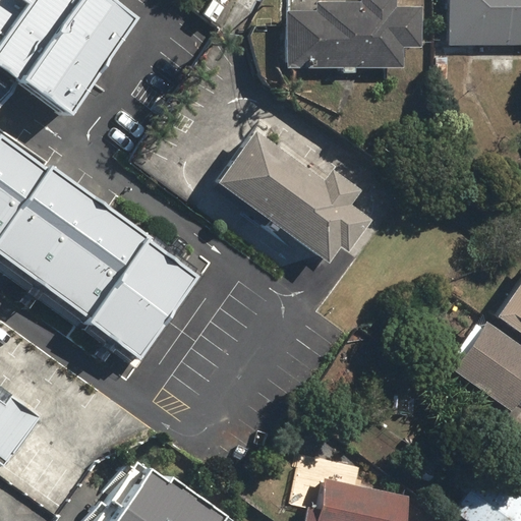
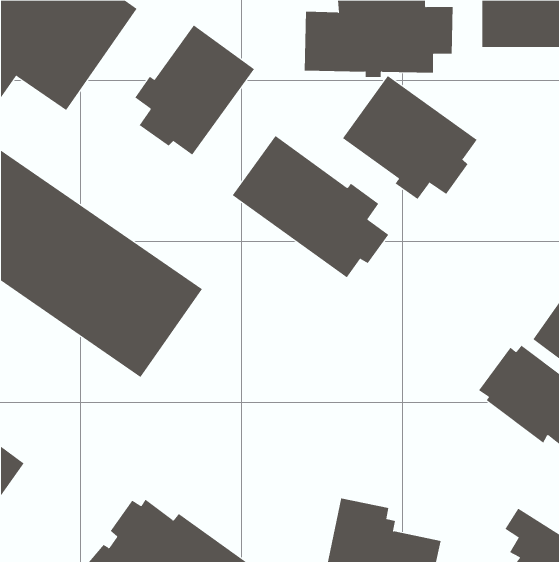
building: none -> [134,25,255,156]
building: none -> [342,75,478,200]

